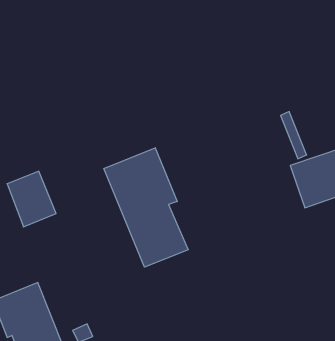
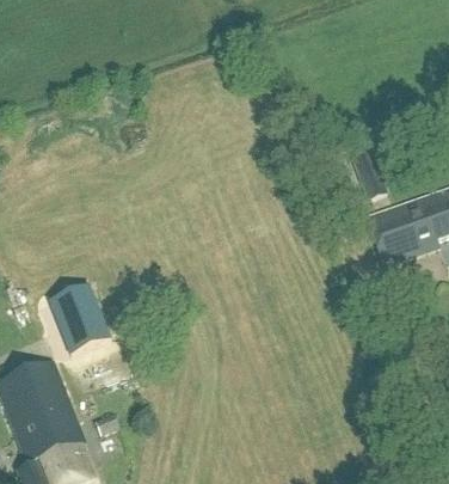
building: [104,148,188,267] -> none
building: [7,171,56,227] -> [49,284,110,354]

